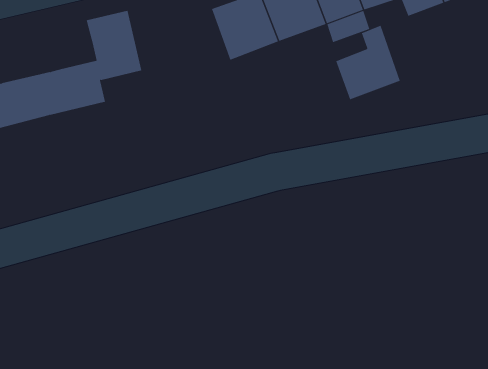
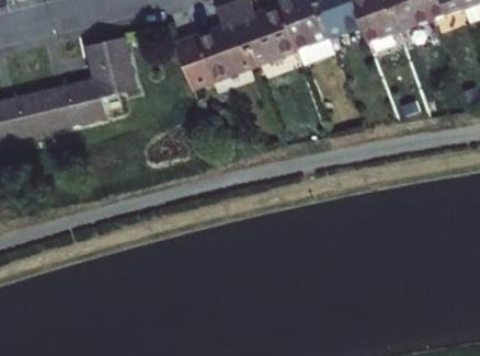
building: none -> [176,35,214,87]
building: [335,25,401,100] -> none

